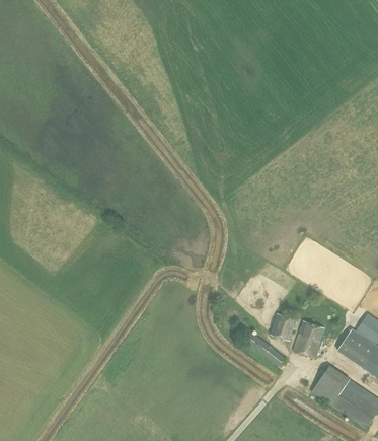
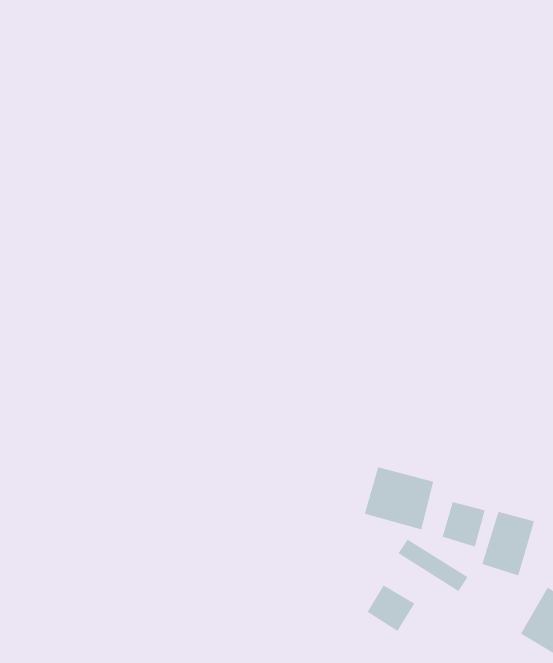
building: none -> [364,467,434,530]
building: none -> [367,584,415,632]

